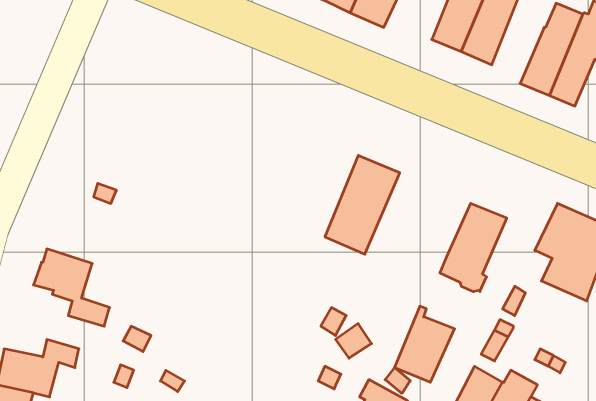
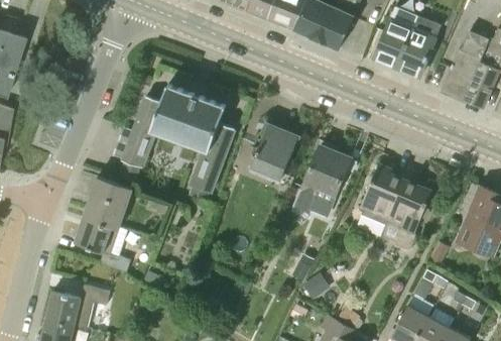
building: none -> [113,85,235,202]
building: none -> [251,124,298,179]
building: none -> [85,177,132,227]
building: [394,306,455,382] -> [359,164,404,222]

